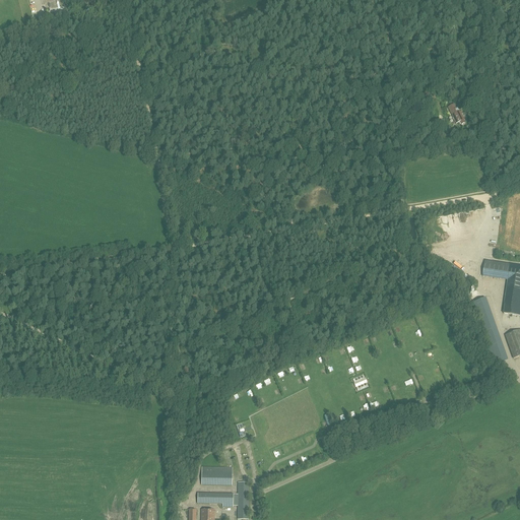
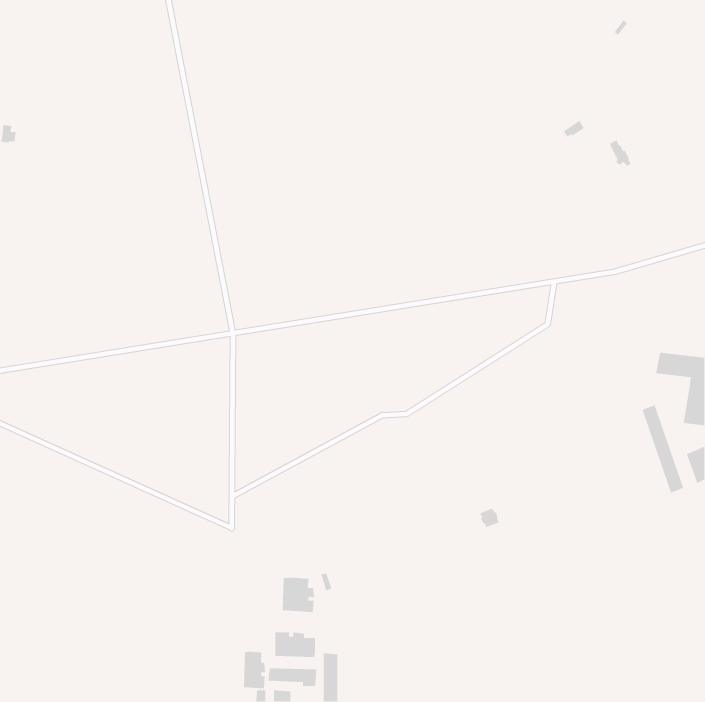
building: none -> [282,577,315,613]
building: none -> [243,651,266,689]

